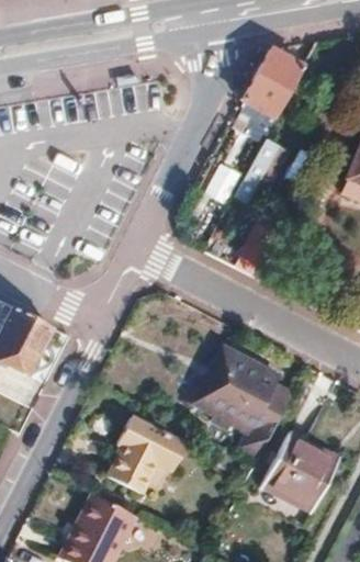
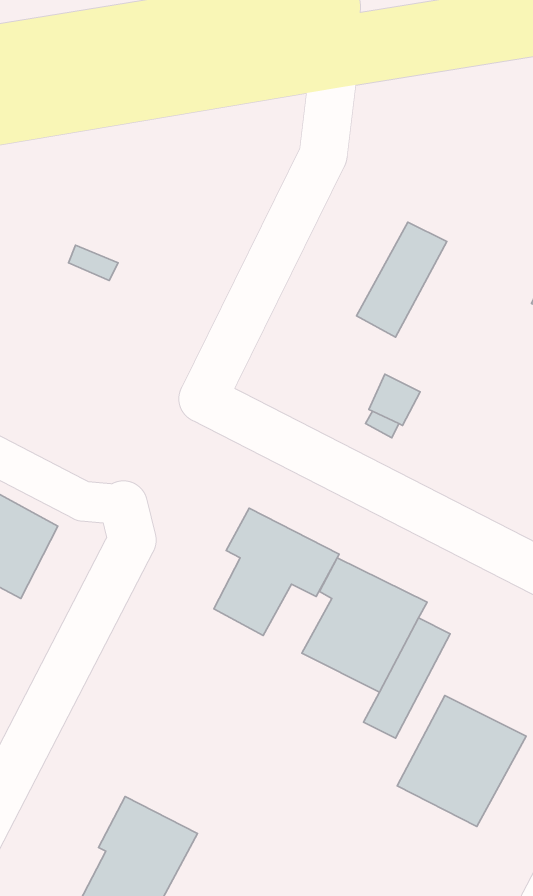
building: [240,49,303,127] -> none
building: [103,415,181,494] -> [214,508,339,635]

